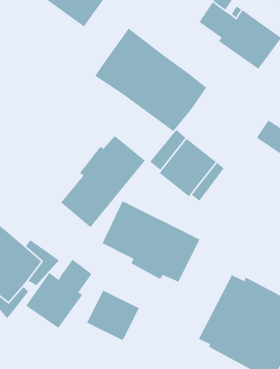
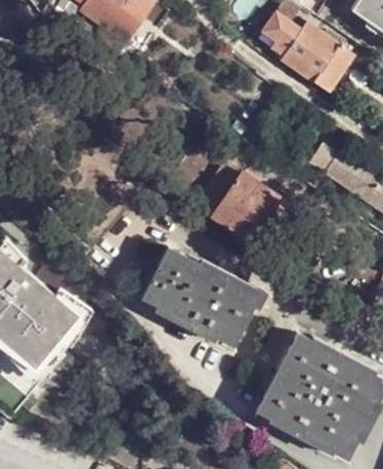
building: [94,27,207,132] -> none
building: [60,135,146,228] -> none
building: [25,258,93,329] -> none
building: [86,289,140,341] -> none

